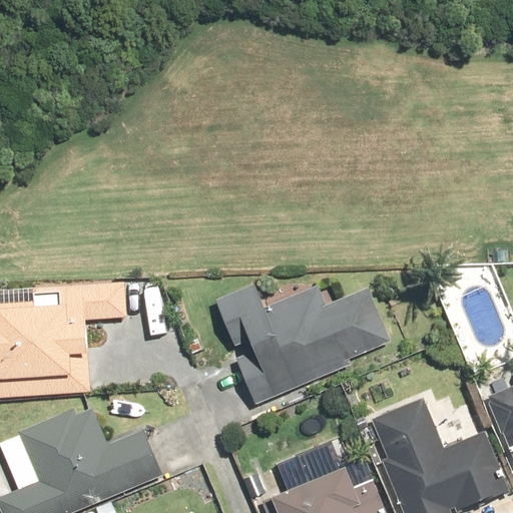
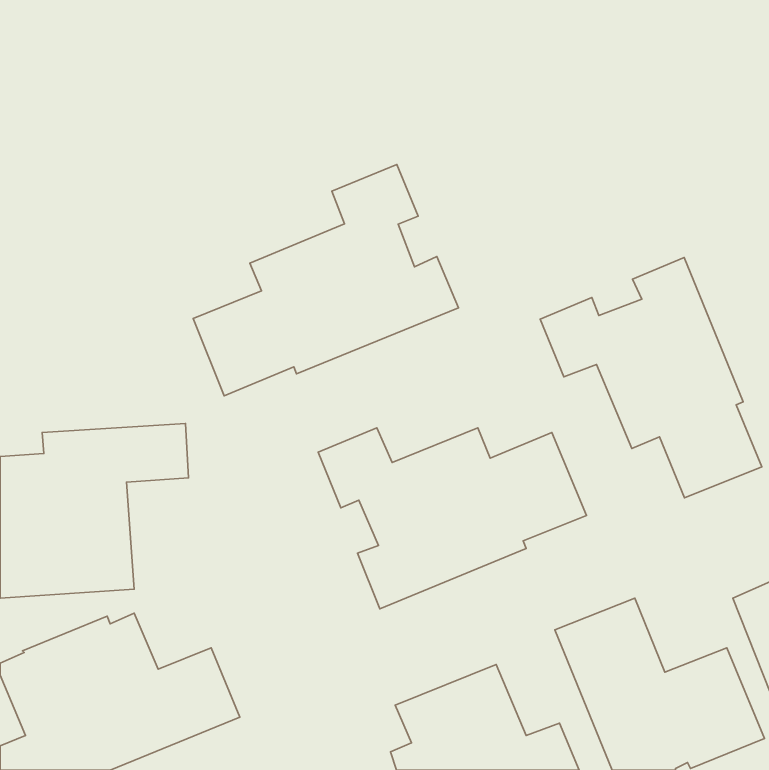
building: none -> [193,165,458,396]
building: none -> [540,258,762,498]

